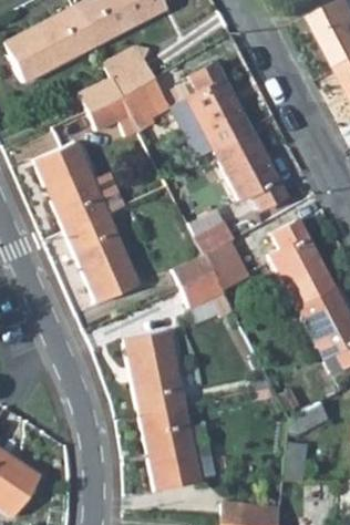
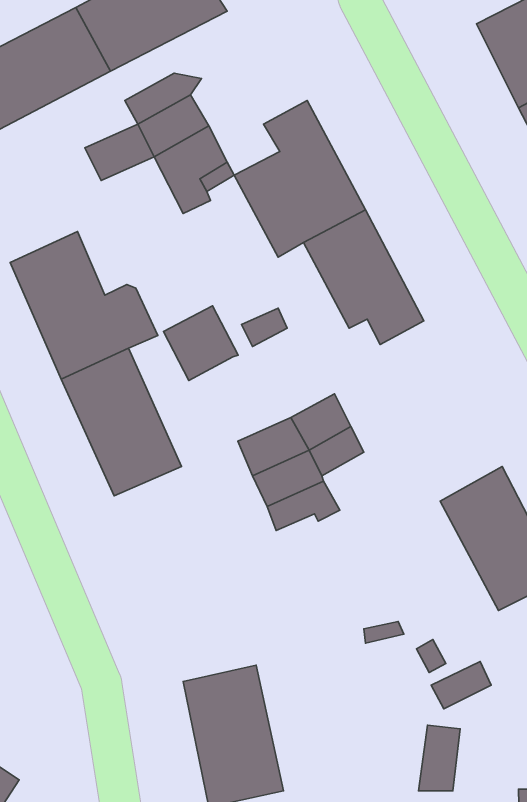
building: [90,96,140,136] -> none
building: [189,209,235,255] -> [163,306,238,381]
building: [269,219,333,306] -> none
building: [124,330,184,415] -> none

